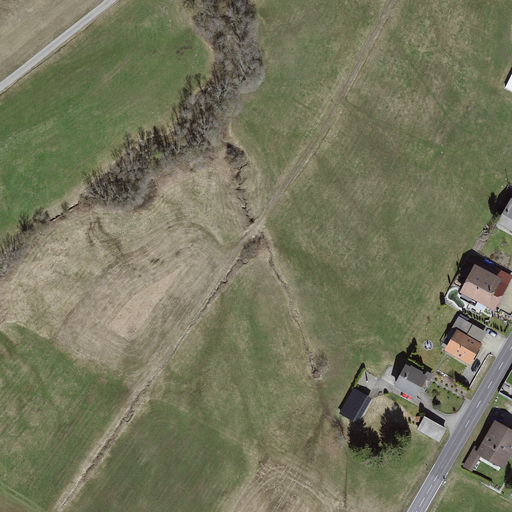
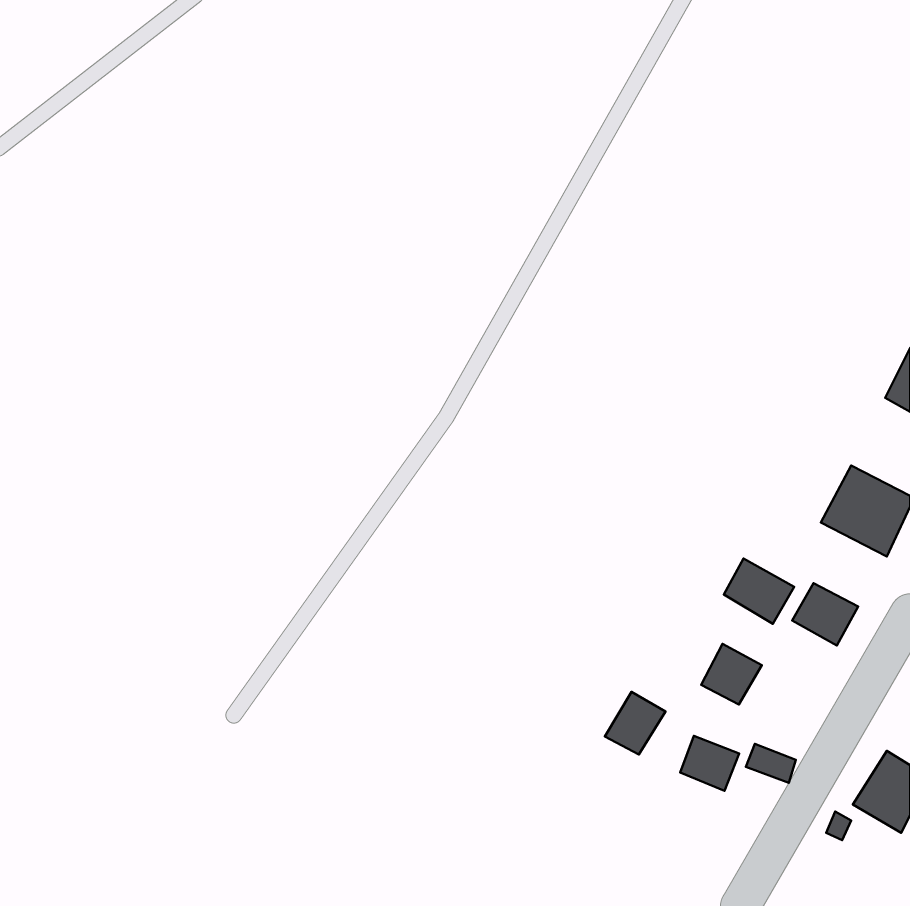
building: none -> [724,558,794,624]
building: none -> [680,736,739,791]

